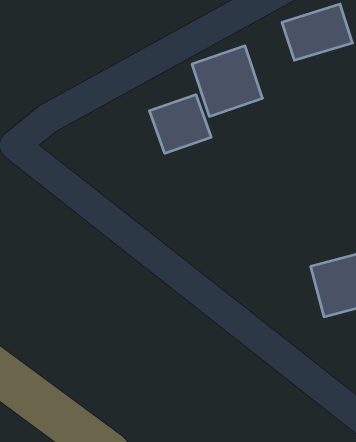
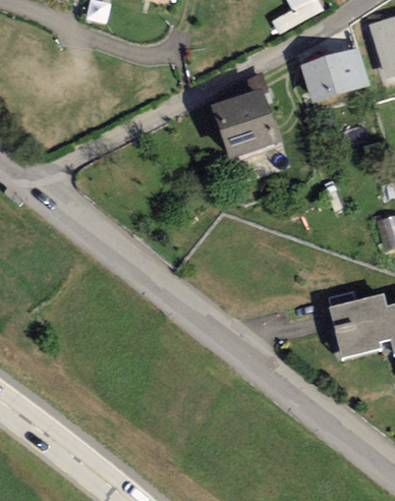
building: [149,95,211,153] -> none

